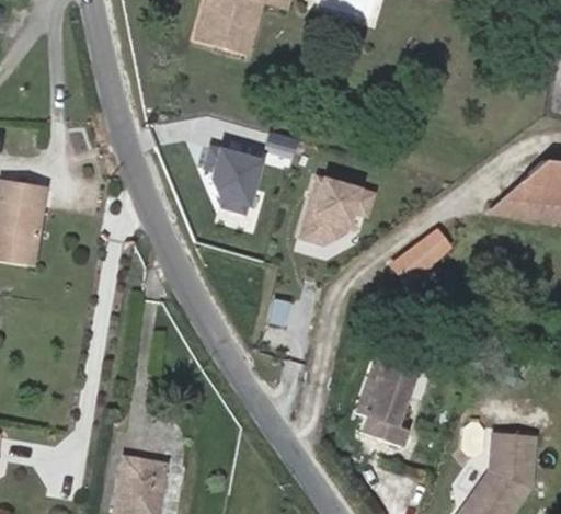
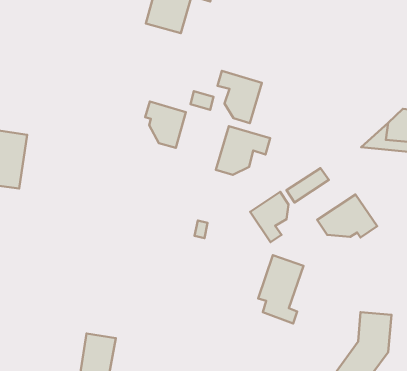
building: none -> [218,71,262,123]
building: none -> [250,192,288,242]
building: none -> [317,195,377,238]

